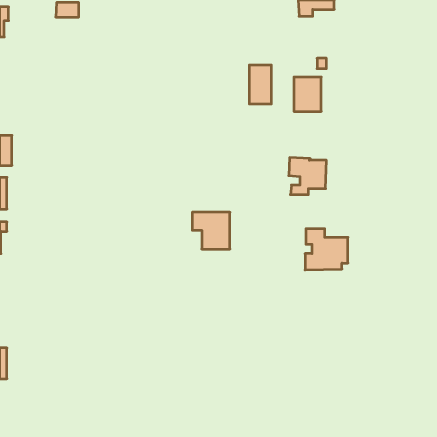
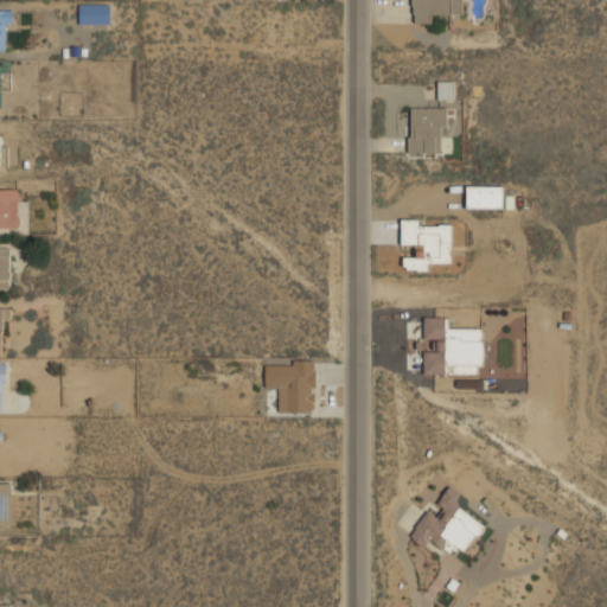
building: [249,65,271,104] -> none
building: none -> [466,186,503,207]
building: [192,212,230,249] -> [263,362,315,413]
building: none -> [408,488,481,552]

